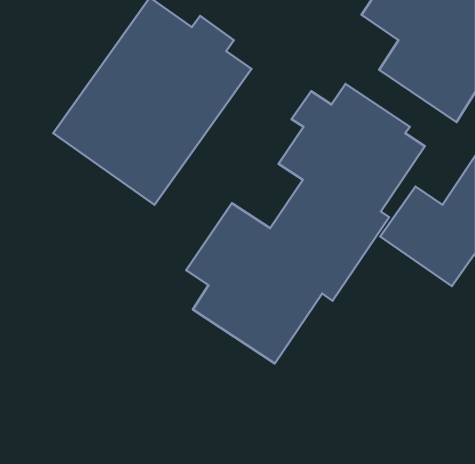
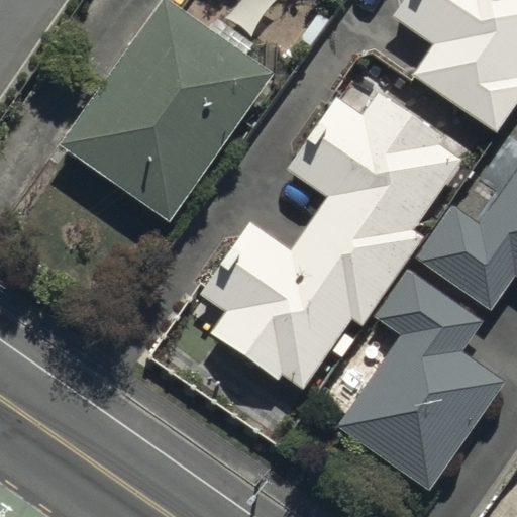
building: none -> [336,266,504,486]

